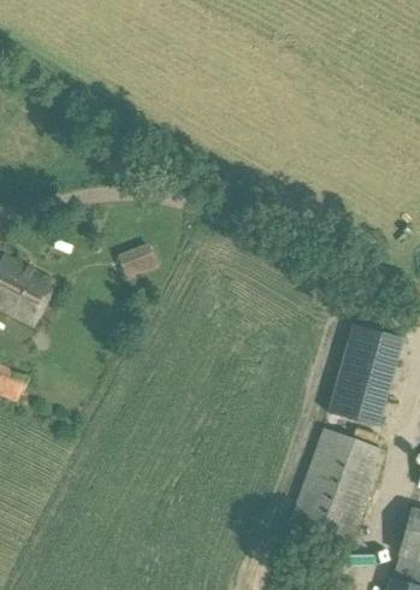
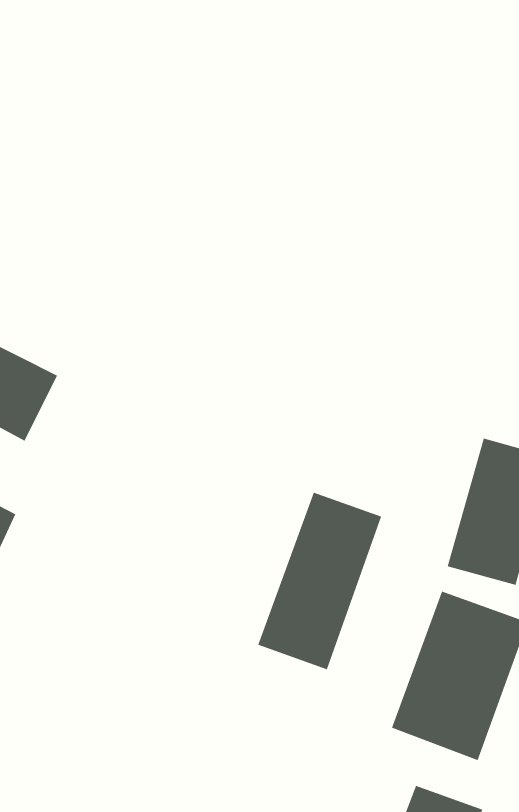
building: [119,242,158,275] -> none
building: none -> [257,492,382,670]

